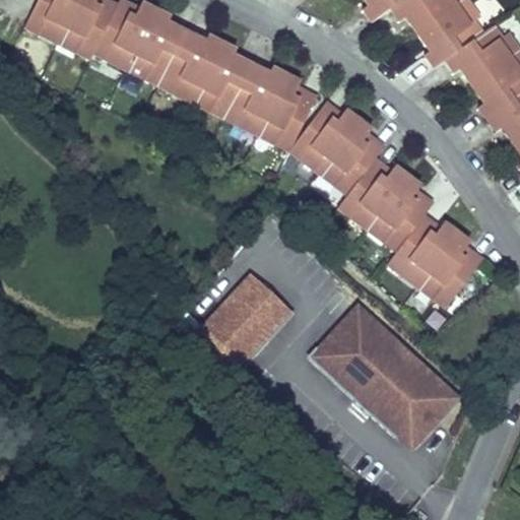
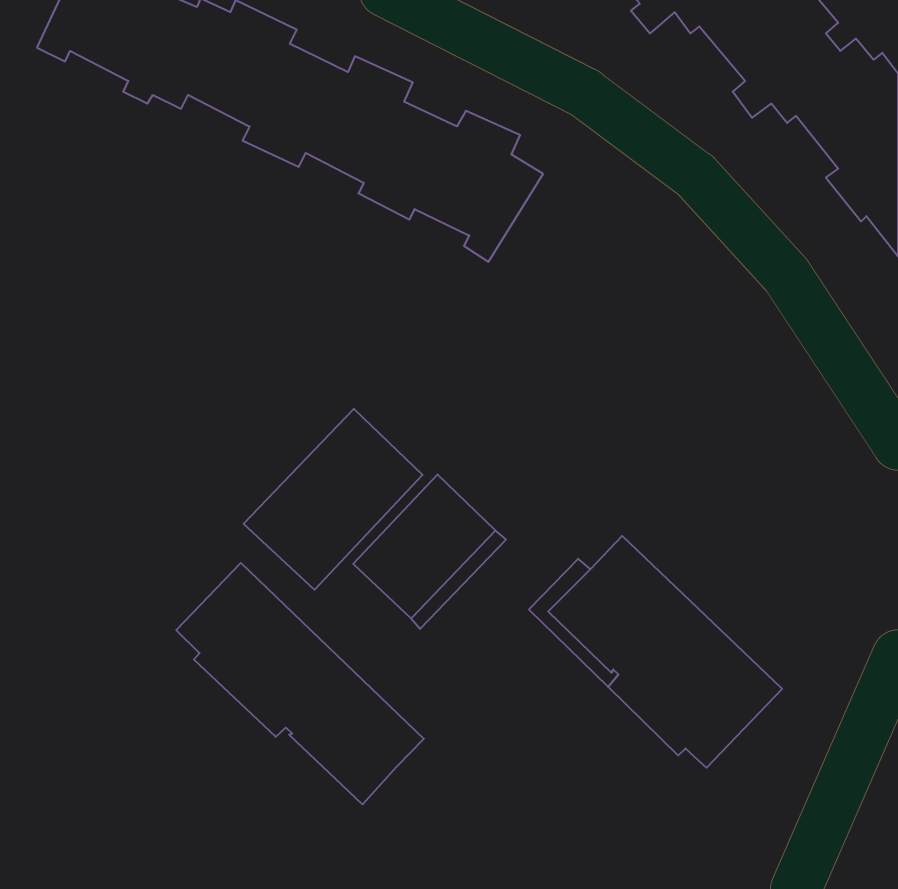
building: [282,103,486,306] -> none
building: none -> [244,409,423,590]
building: none -> [176,563,424,804]

